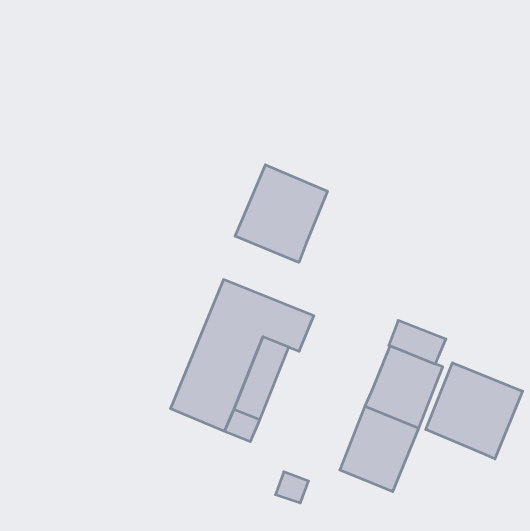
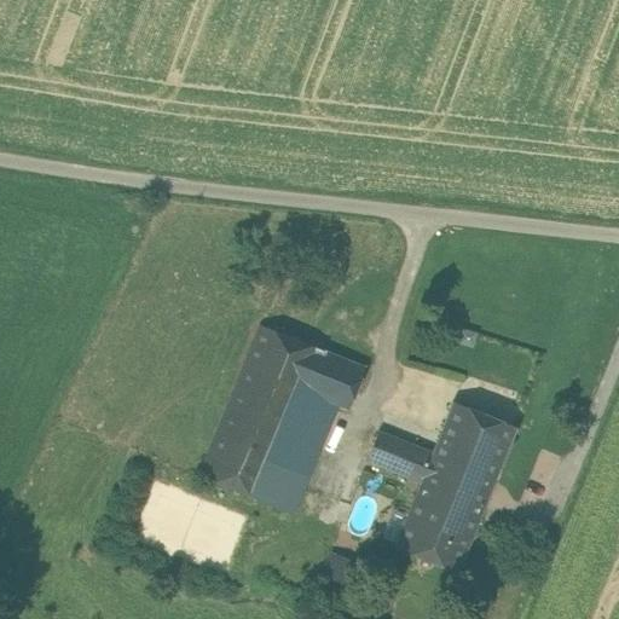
building: [235,165,327,262] -> none
building: [389,320,446,364] -> [368,432,434,482]
building: [426,363,523,459] -> none

